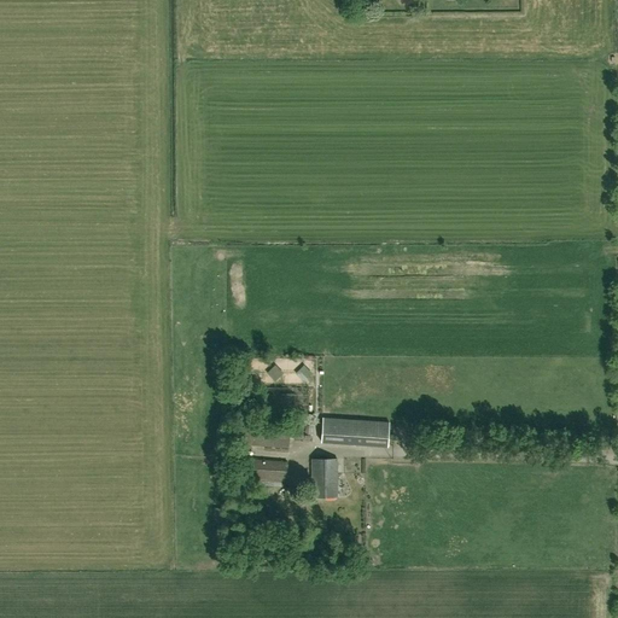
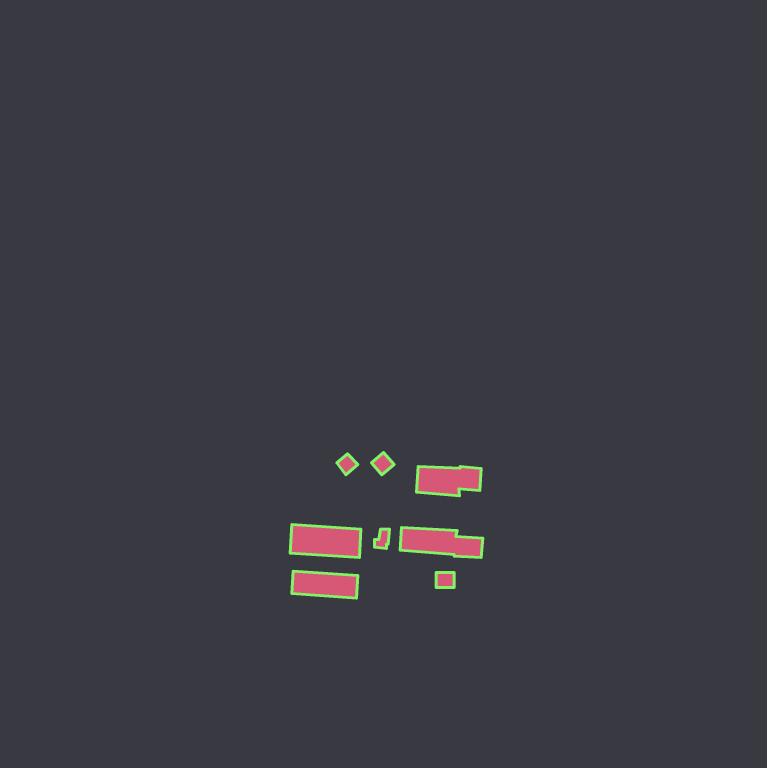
building: none -> [417,467,481,496]
building: [313,459,339,499] -> none

